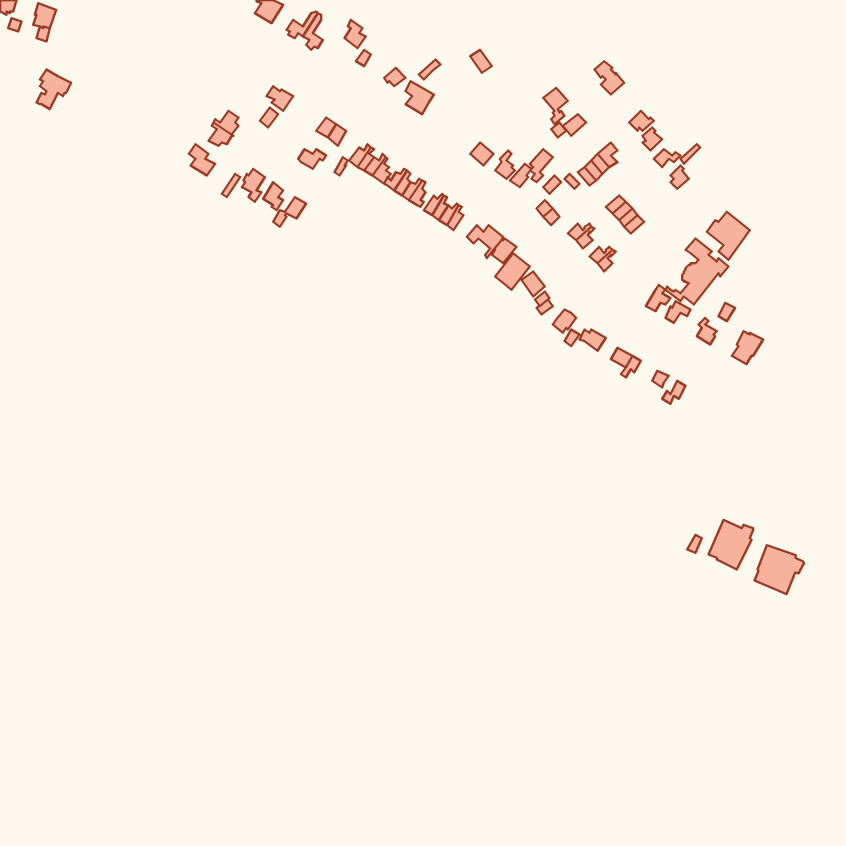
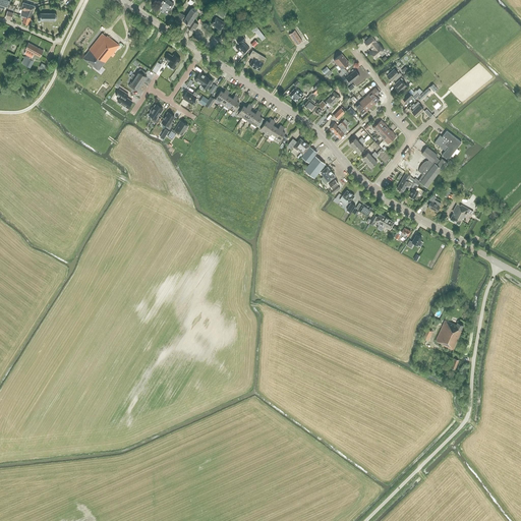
building: none -> [83,34,121,70]
building: [754,545,804,594] -> none

